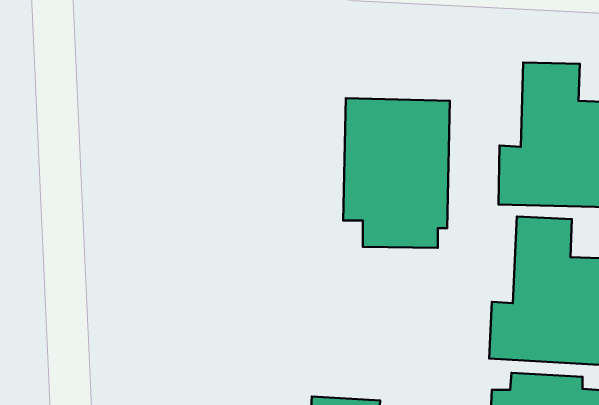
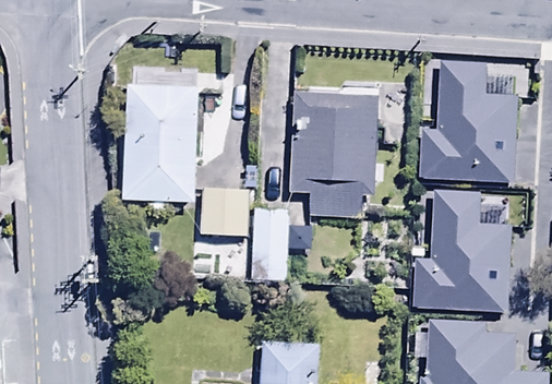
building: none -> [123,83,196,212]
building: none -> [199,187,250,238]
building: none -> [250,207,309,281]

